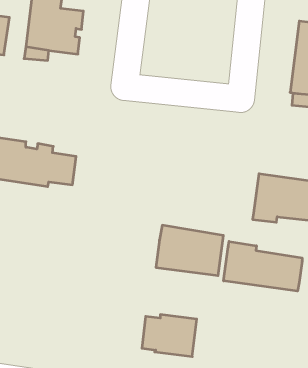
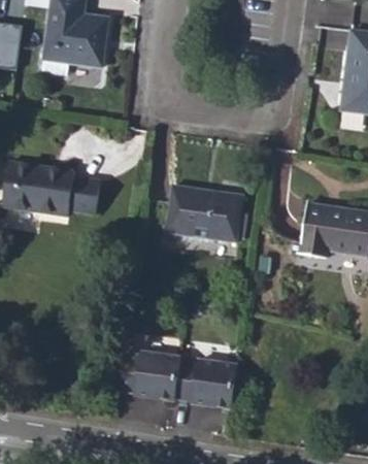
building: [156,225,223,276] -> [166,185,242,241]
building: [224,241,302,291] -> none
building: none -> [116,353,178,400]

